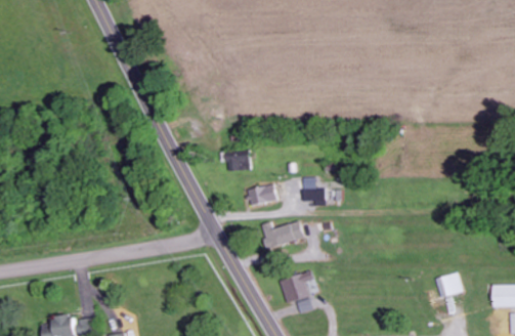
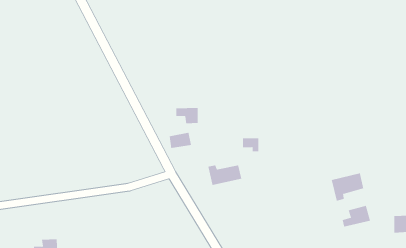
building: [248,183,276,204] -> [169,132,192,148]
building: none -> [331,173,364,202]
building: [280,269,313,313] -> none

